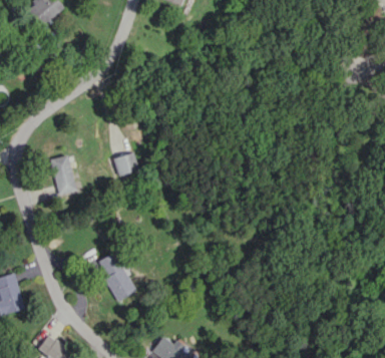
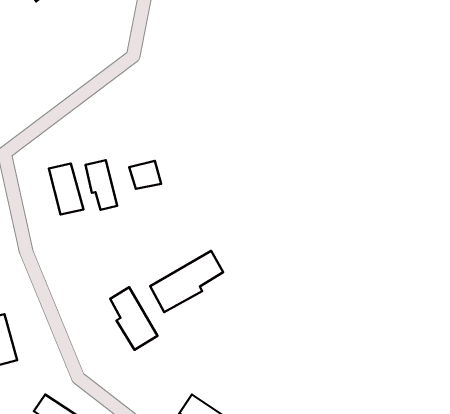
building: none -> [85,160,117,210]
building: none -> [150,251,223,312]

